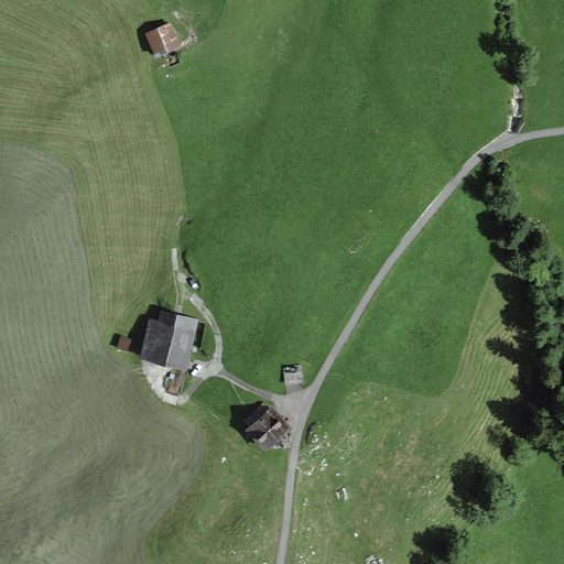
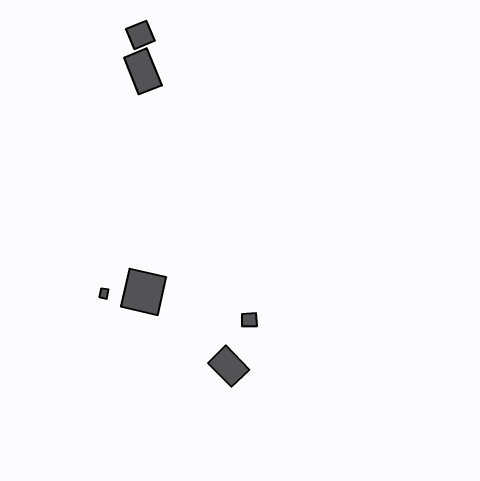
building: none -> [124,48,162,94]

